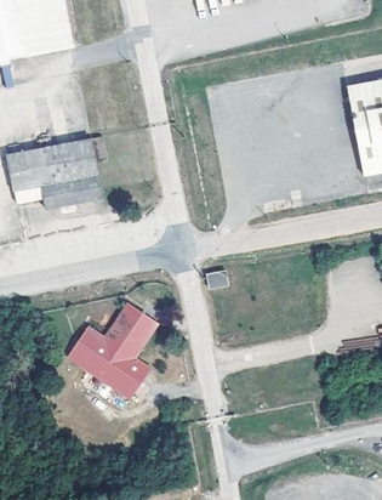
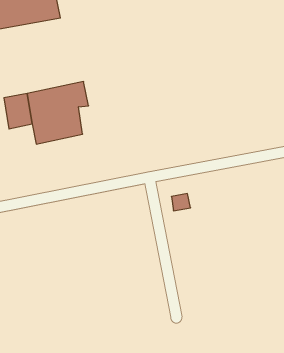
building: [67,301,158,398] -> none

